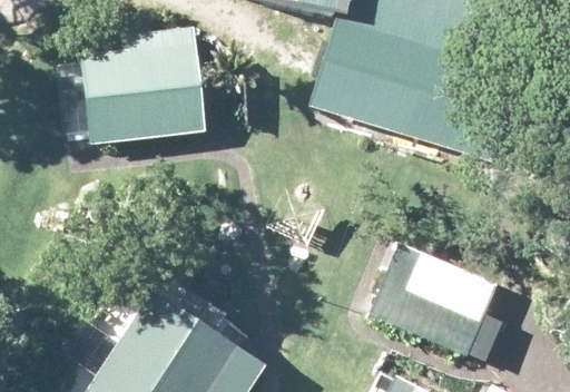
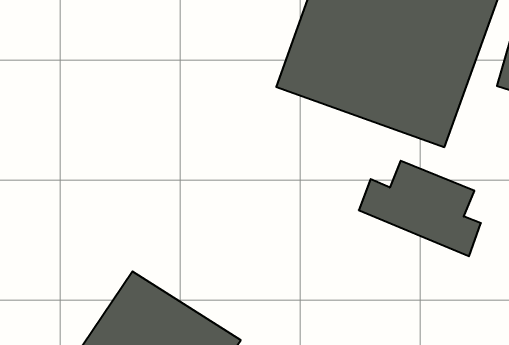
building: [52,27,203,140] -> none
building: [376,262,503,361] -> [359,161,481,256]

